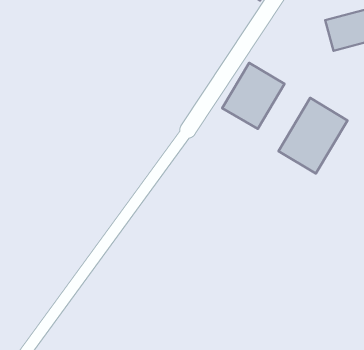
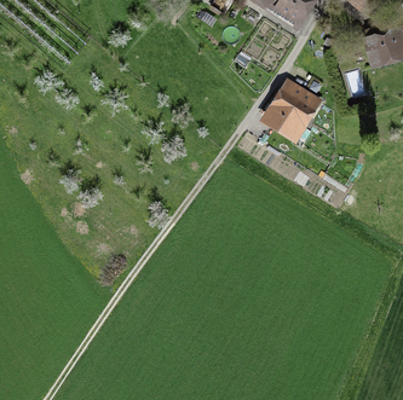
building: [278,98,347,174] -> none

